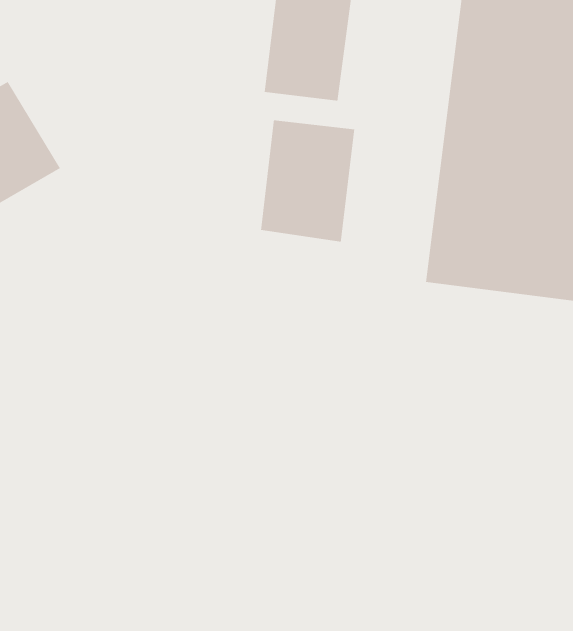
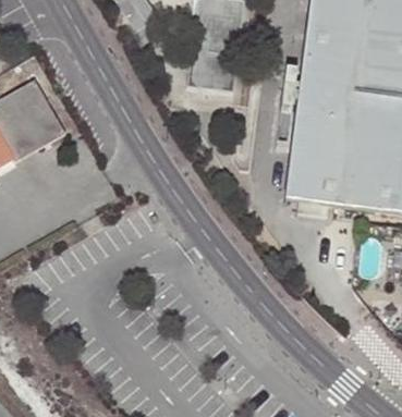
building: [261,120,355,243] -> none

